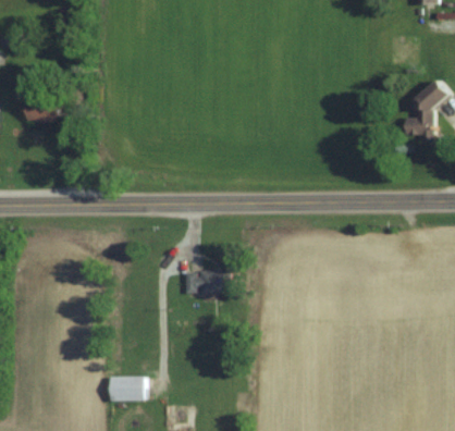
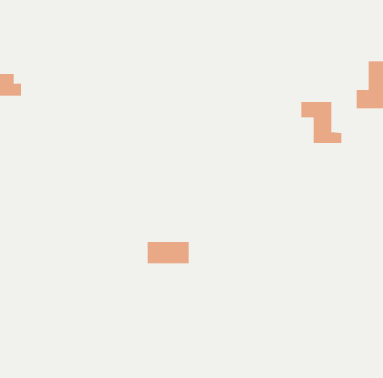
building: none -> [301,101,342,144]
building: [112,377,147,401] -> none

